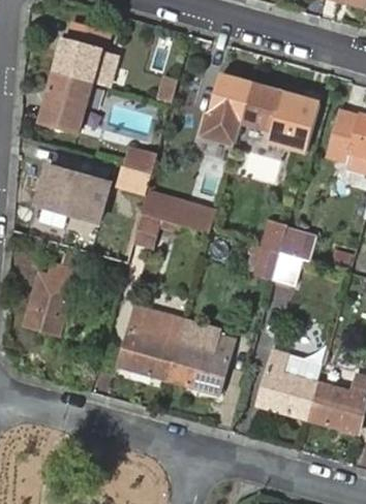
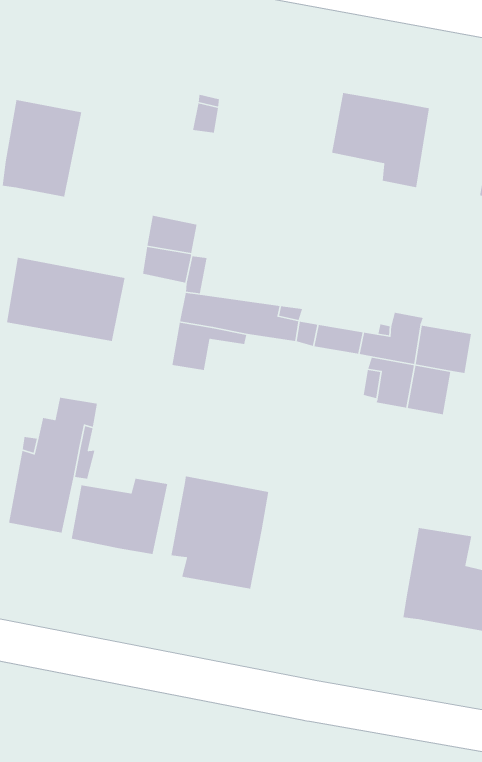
building: [55,23,118,86] -> none
building: [205,74,252,140] -> none
building: none -> [71,478,168,555]
building: [169,336,235,393] -> none

